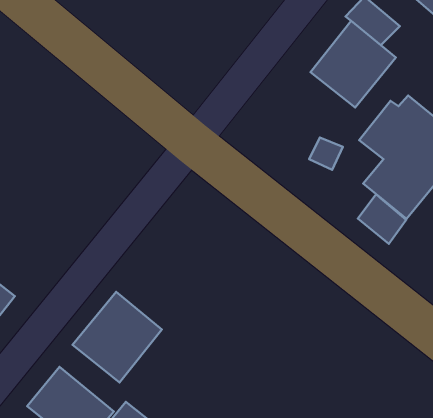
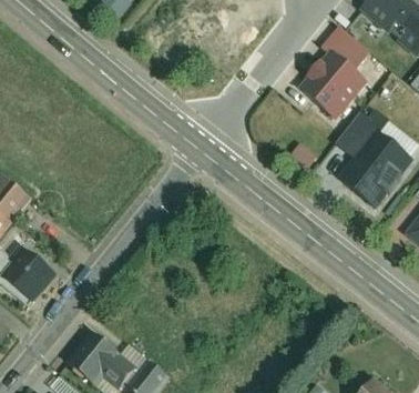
building: [358,194,406,244] -> none
building: [72,292,162,382] -> none

